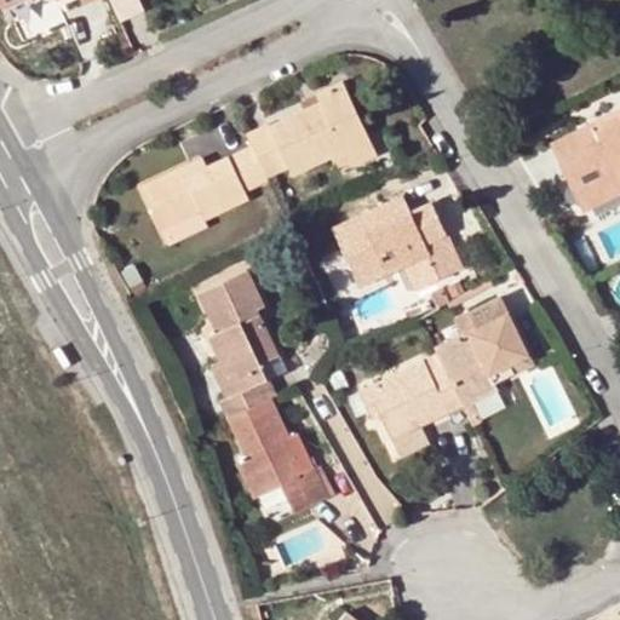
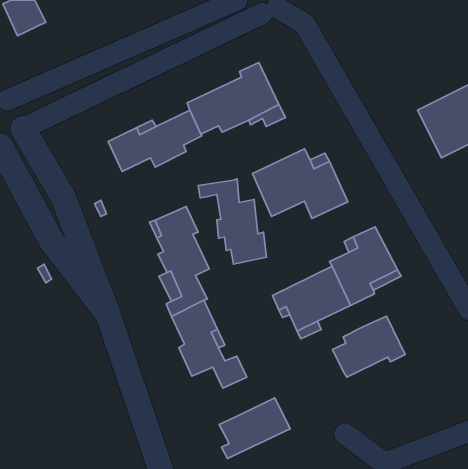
building: none -> [198,179,267,264]
building: none -> [333,316,405,377]
building: none -> [219,398,290,458]

